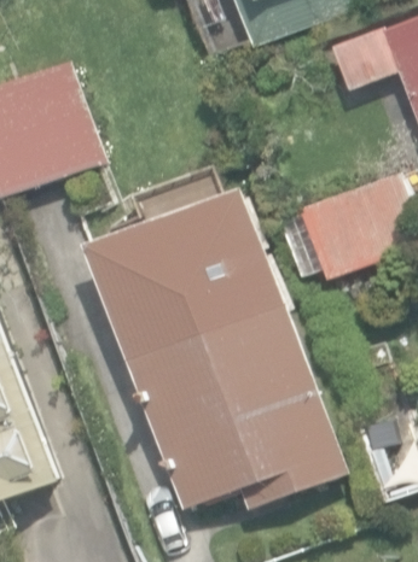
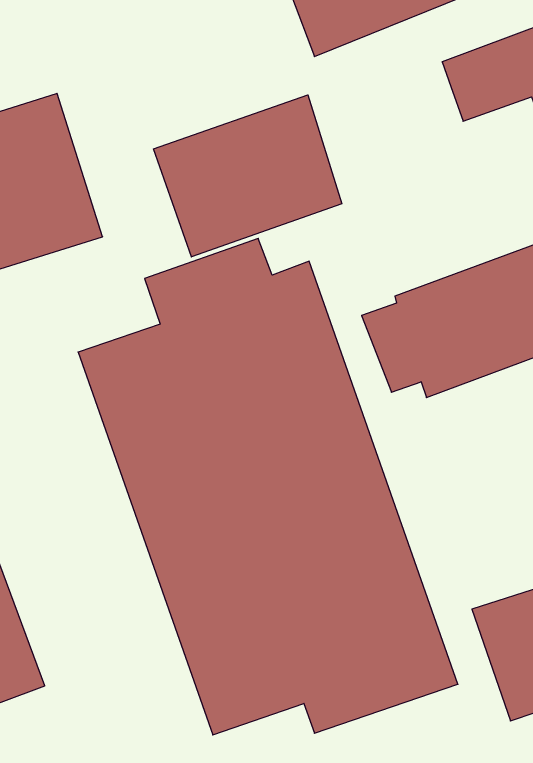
building: none -> [153,95,342,257]

